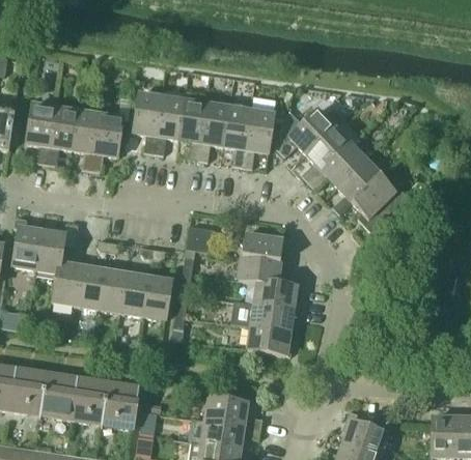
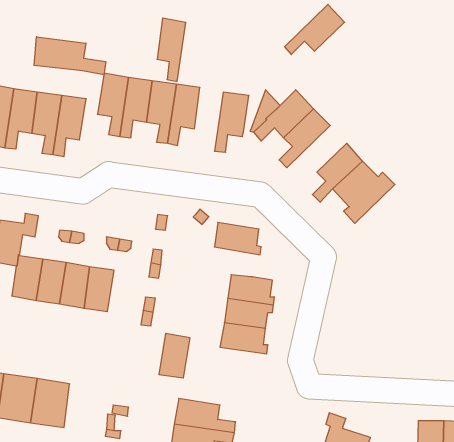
building: none -> [34,37,106,75]
building: [223,106,250,165] -> [157,18,186,82]
building: [309,141,365,188] -> [285,4,345,55]
building: [238,254,284,282] -> none
building: [142,276,171,317] -> [159,333,190,378]
building: [102,381,139,427] -> none

